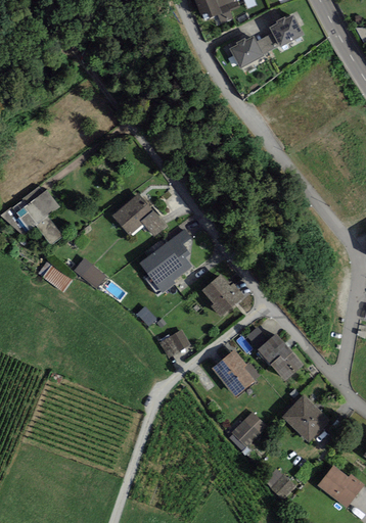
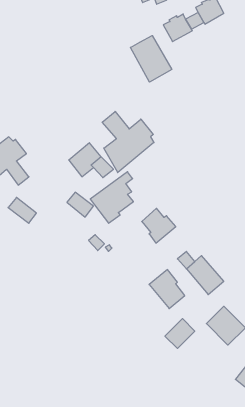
building: none -> [130,36,172,82]
building: none -> [102,111,154,173]
building: [74,257,106,288] -> [67,192,93,217]
building: [159,329,190,356] -> none
building: [265,468,295,497] -> none

